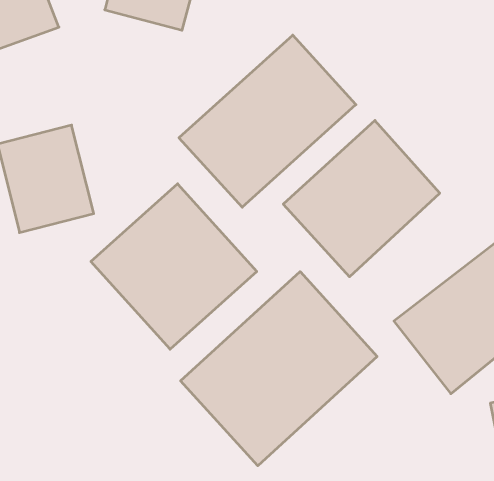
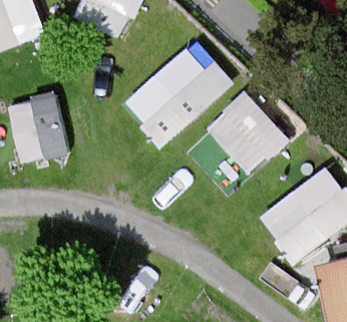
building: [91,184,257,349] -> none
building: [181,272,377,466] -> none

